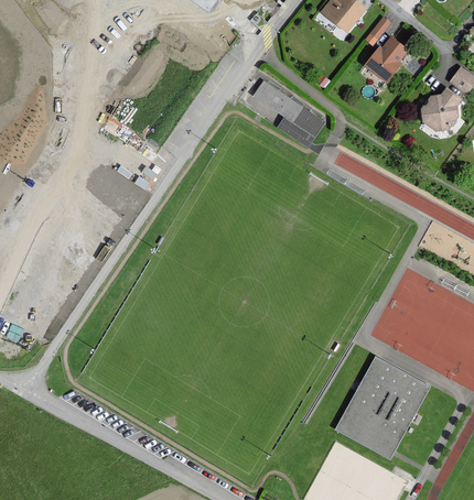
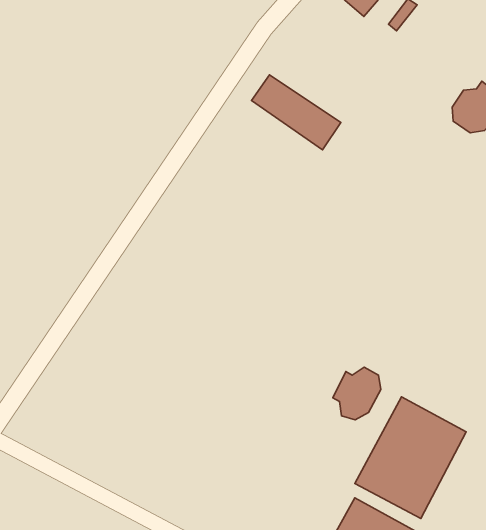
building: [365,37,407,81] -> none
building: none -> [333,367,381,420]

